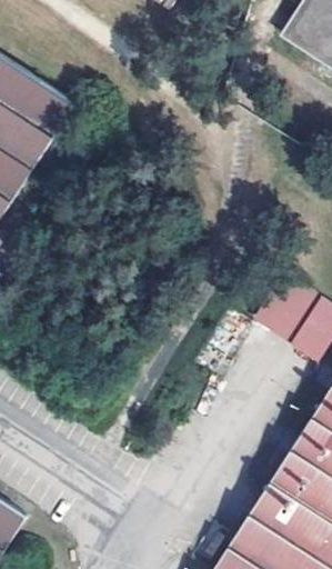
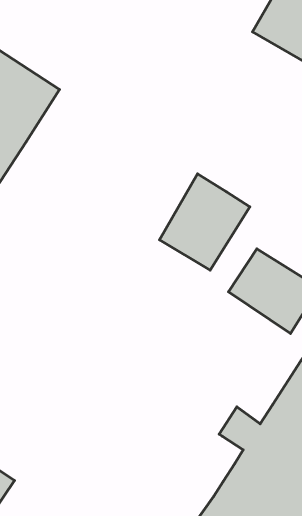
building: none -> [160,174,250,270]

